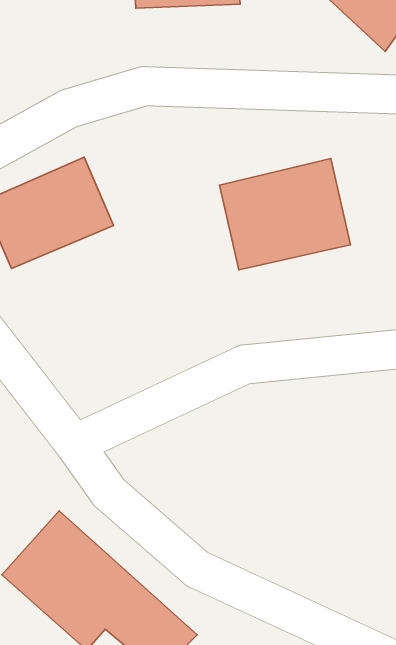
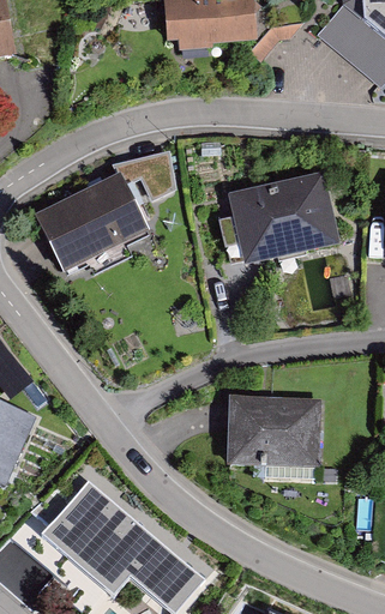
building: none -> [229,398,324,469]

